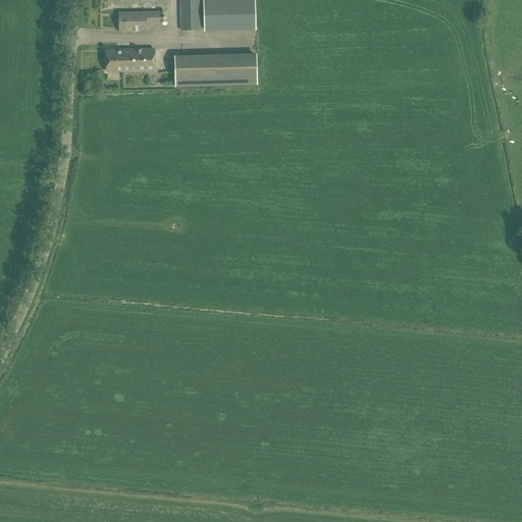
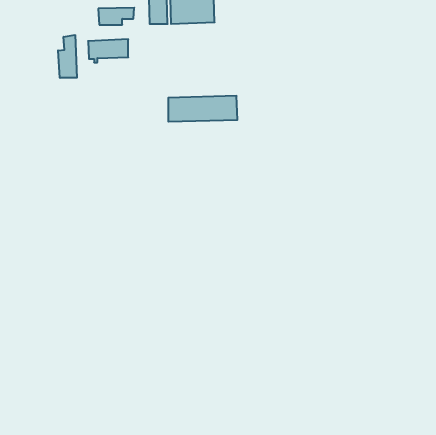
building: none -> [58,35,77,78]
building: [173,54,256,85] -> [168,96,237,122]

